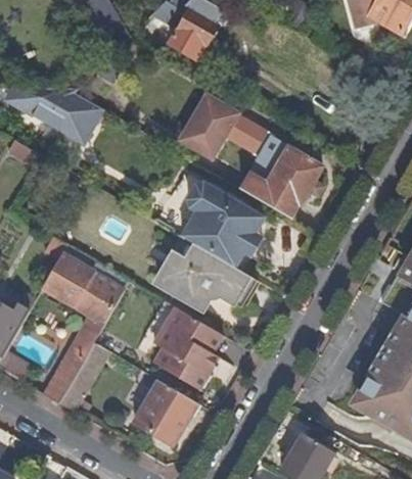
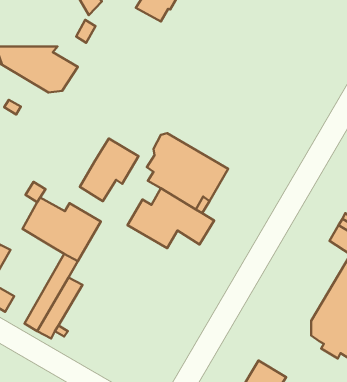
building: [180,94,322,217] -> none
building: none -> [80,138,139,201]
building: [153,306,222,388] -> none
building: [135,380,197,445] -> none

